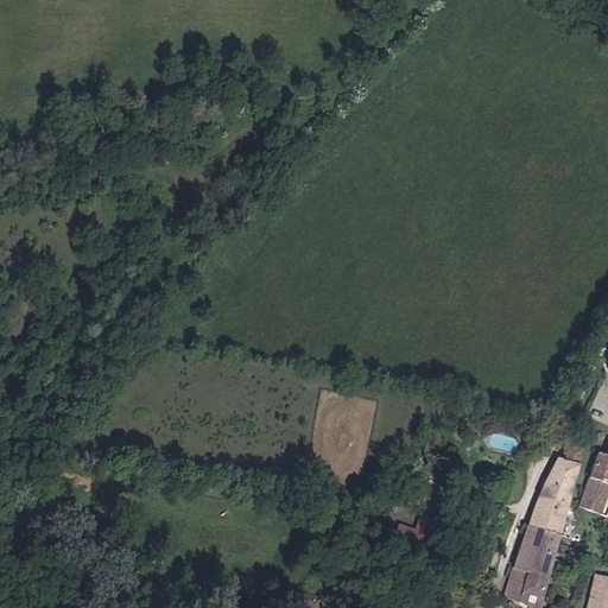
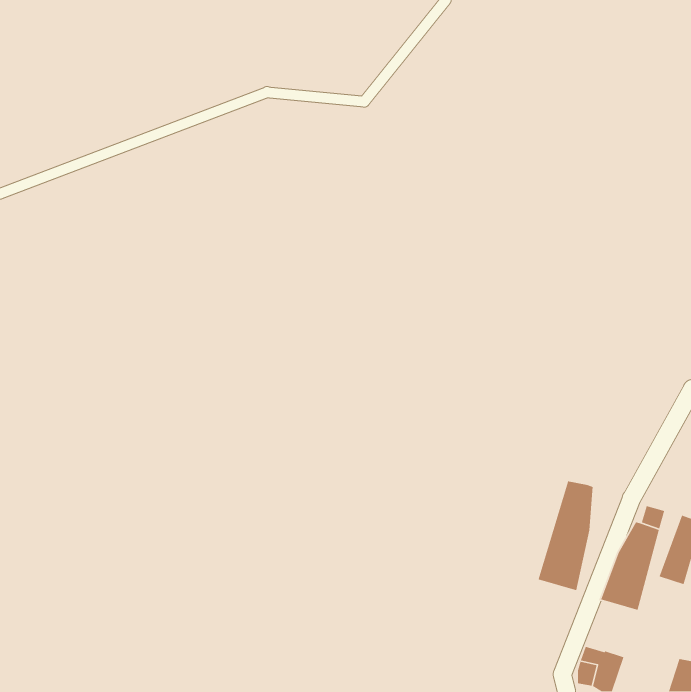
building: none -> [537,480,594,591]
building: [514,526,560,576] -> none

